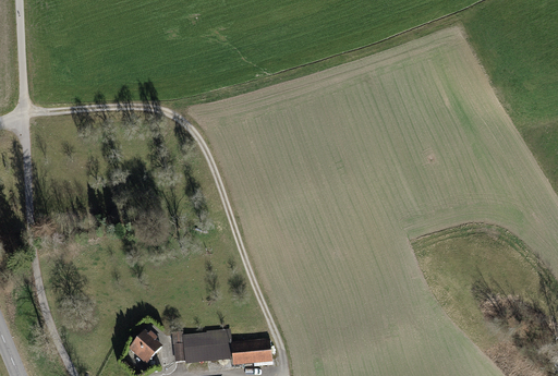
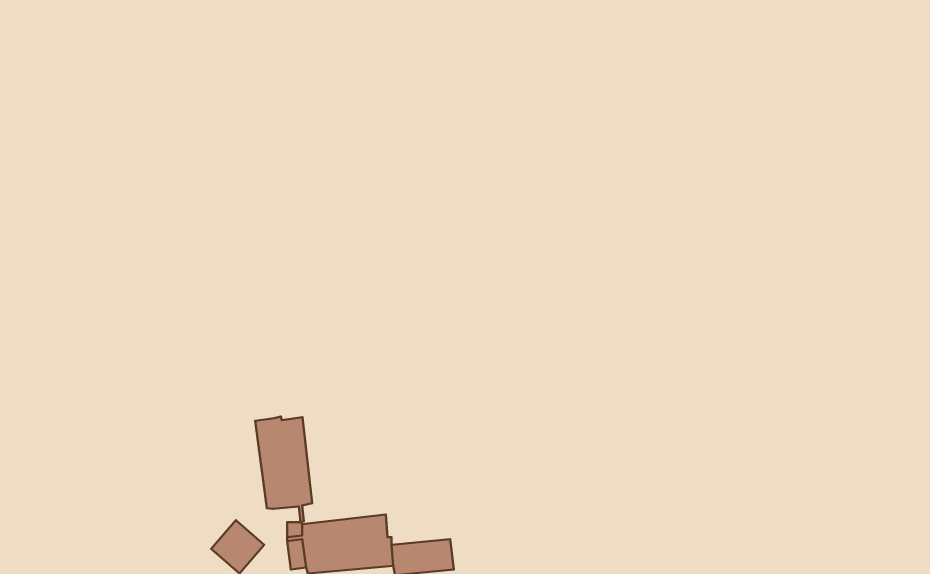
building: none -> [255,416,312,522]

